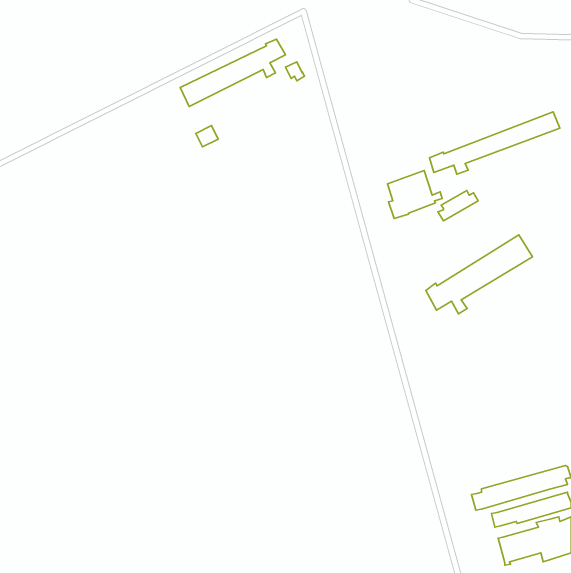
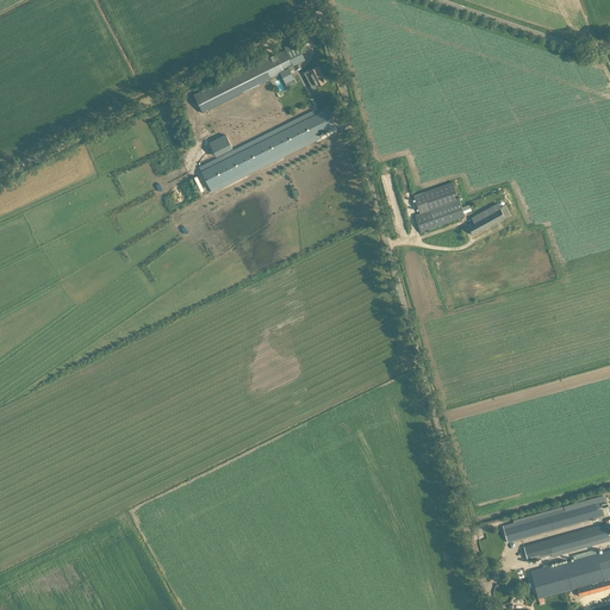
building: none -> [199,108,334,192]
building: [430,112,560,174] -> none
building: [426,235,533,314] -> none

